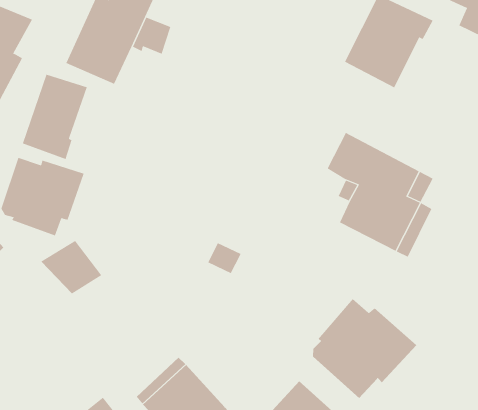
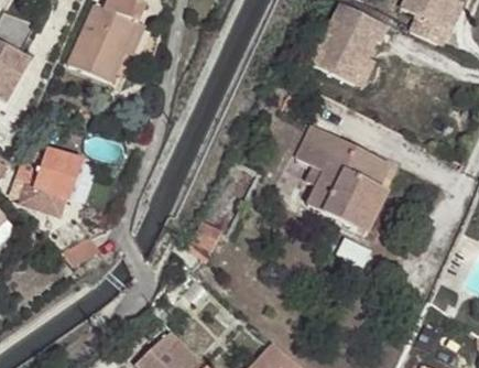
building: [22,74,87,160] -> none
building: [312,298,417,399] -> none

